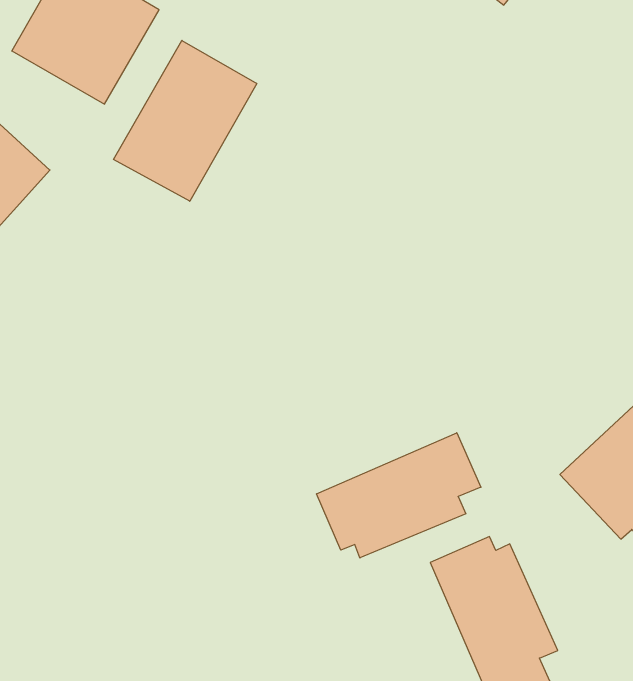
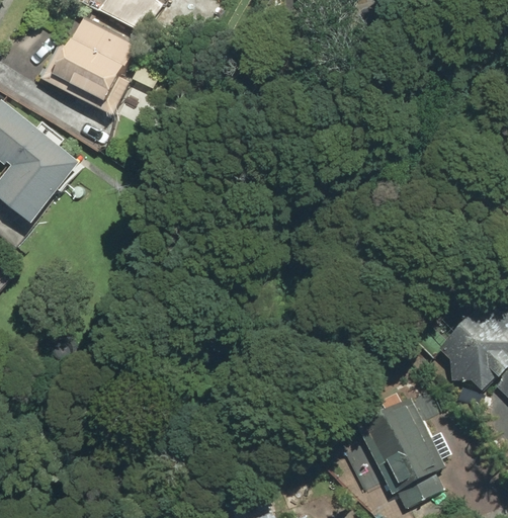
building: [114,40,257,201] -> none
building: [317,433,481,558] -> none

